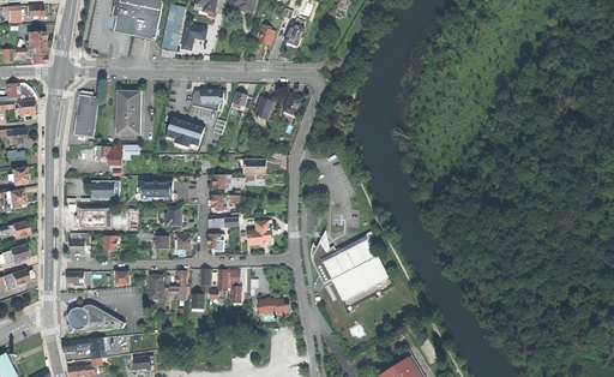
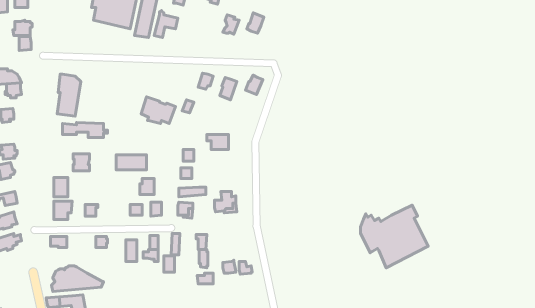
building: [115,90,140,133] -> none
building: [191,90,223,112] -> none
building: [313,232,389,301] -> [360,205,428,268]

